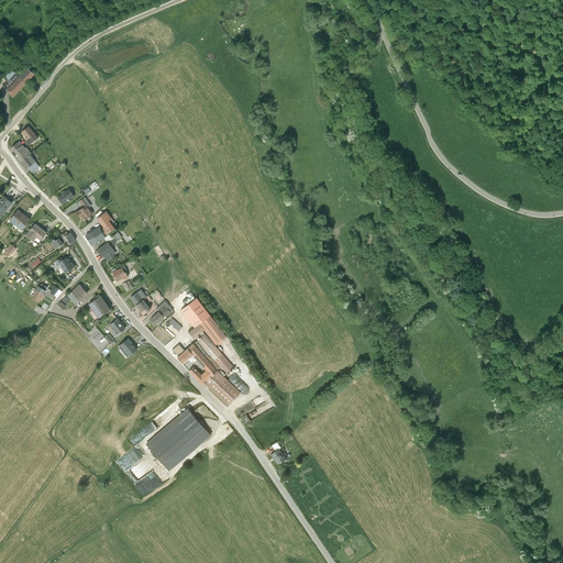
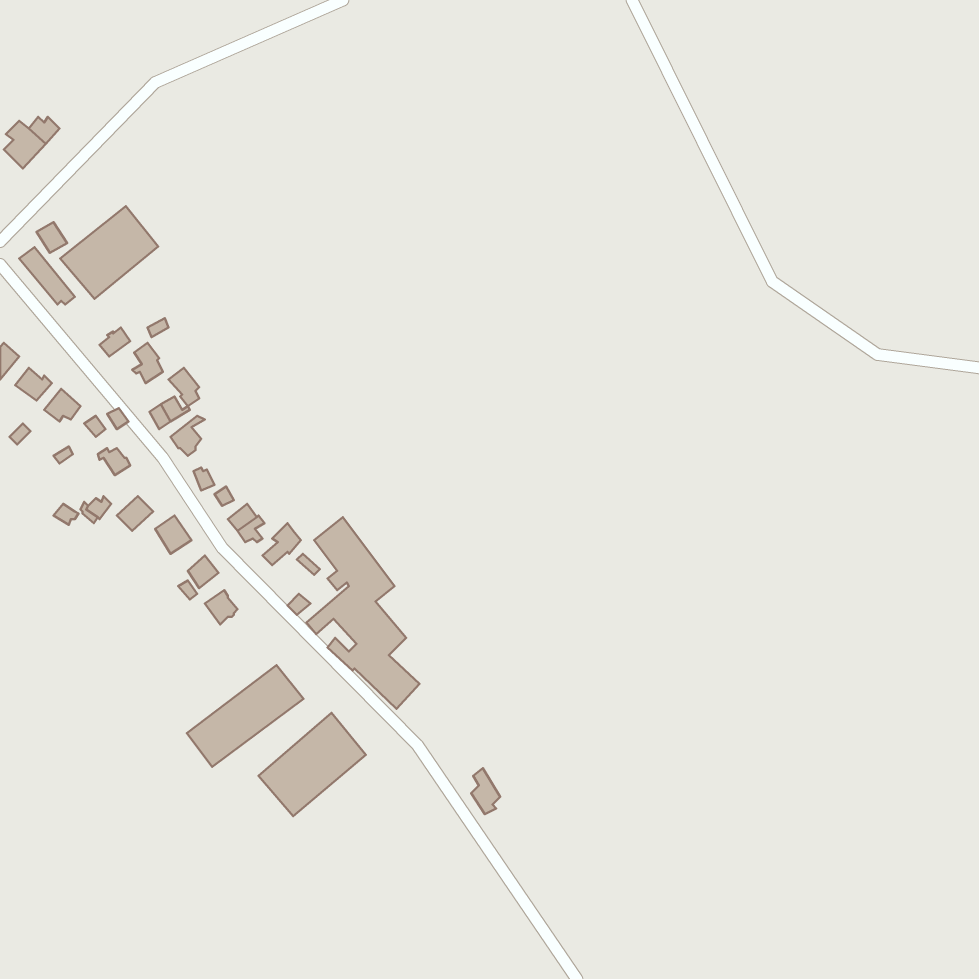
building: none -> [60,206,158,299]
building: none -> [187,665,304,767]

